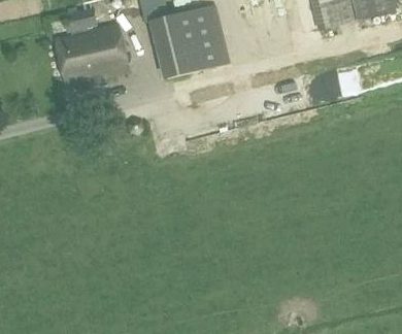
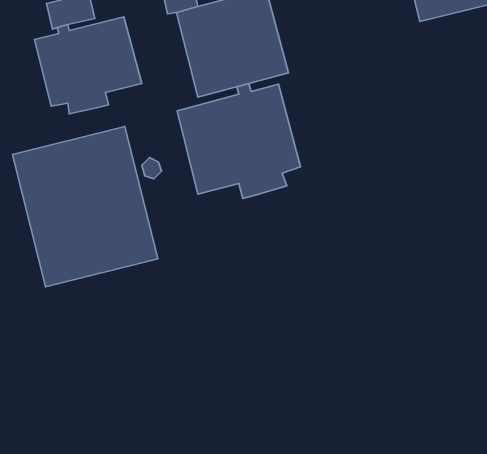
building: none -> [177,84,300,198]
building: none -> [13,126,158,287]

